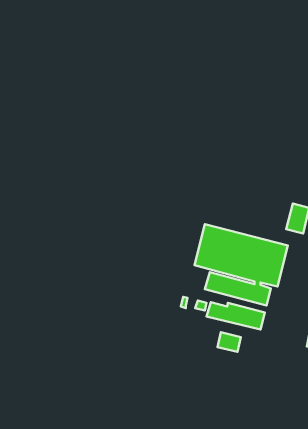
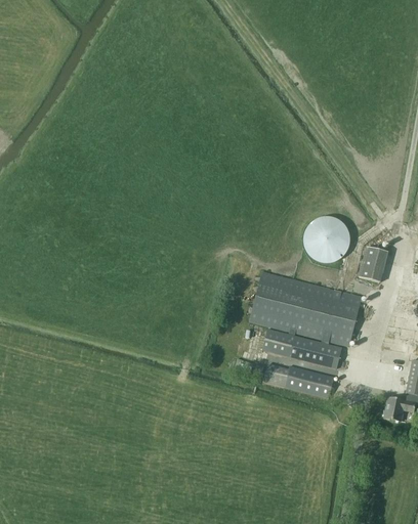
building: none -> [310,216,352,261]
building: [217,332,241,352] -> none

